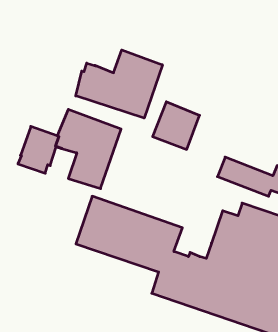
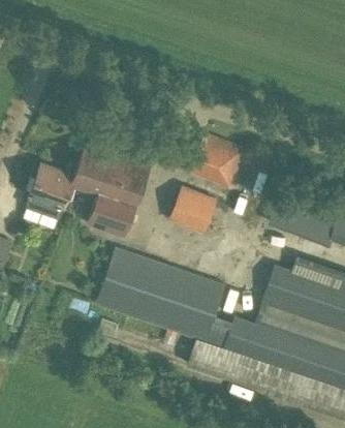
building: [76,50,162,118] -> none
building: none -> [169,185,218,233]

